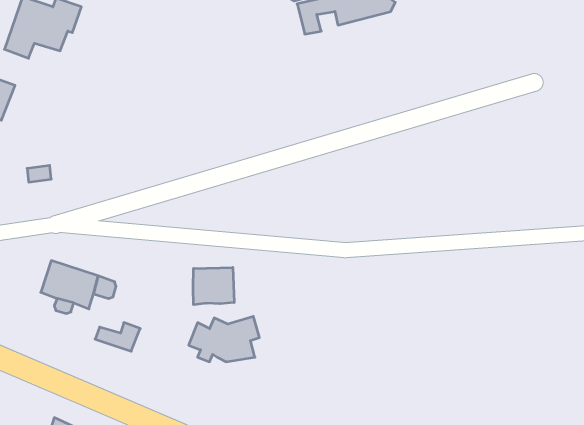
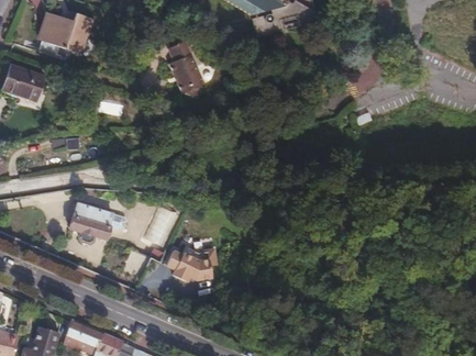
building: none -> [168,43,203,97]
building: [193,267,234,305] -> none

